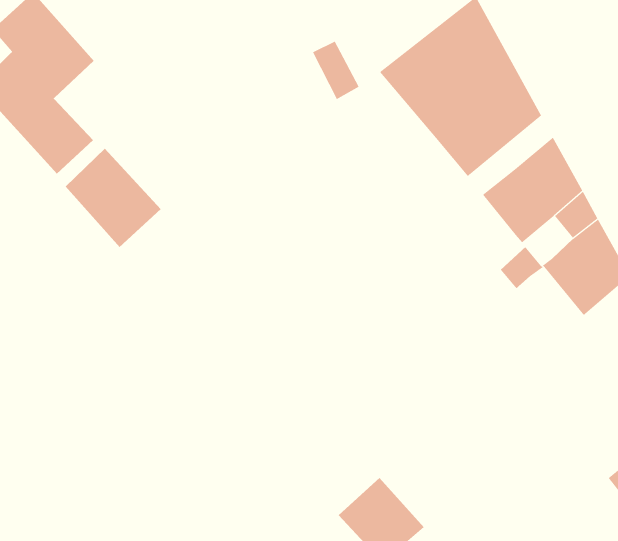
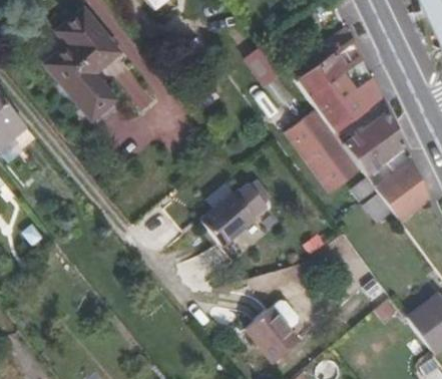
building: none -> [288,109,362,192]
building: [65,148,161,248] -> none
building: none -> [200,186,269,247]

